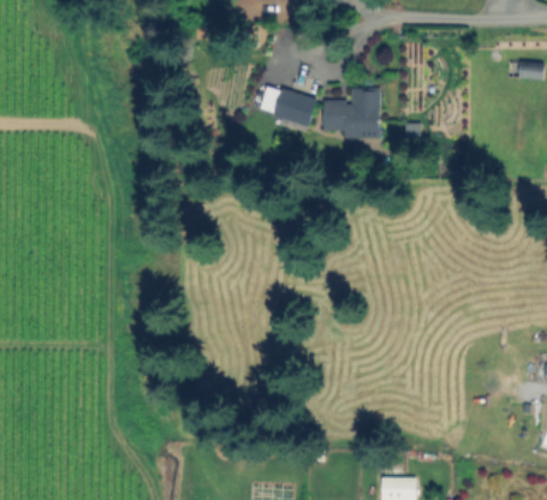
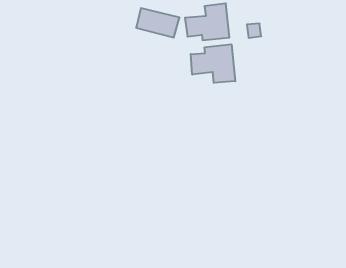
building: none -> [191,44,235,83]

